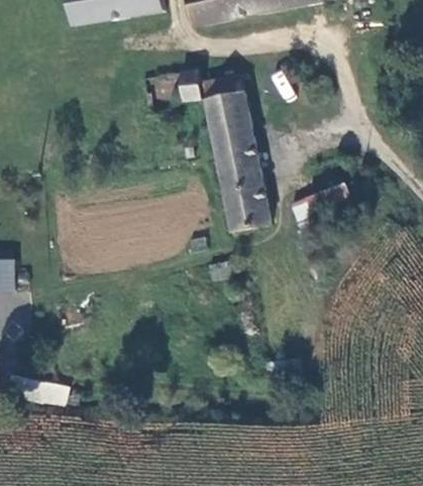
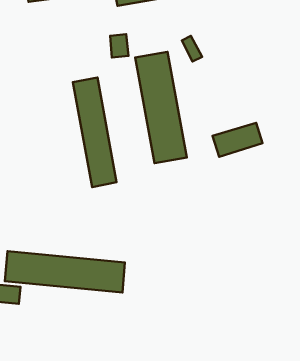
building: none -> [73,77,117,187]
building: none -> [5,251,125,293]

